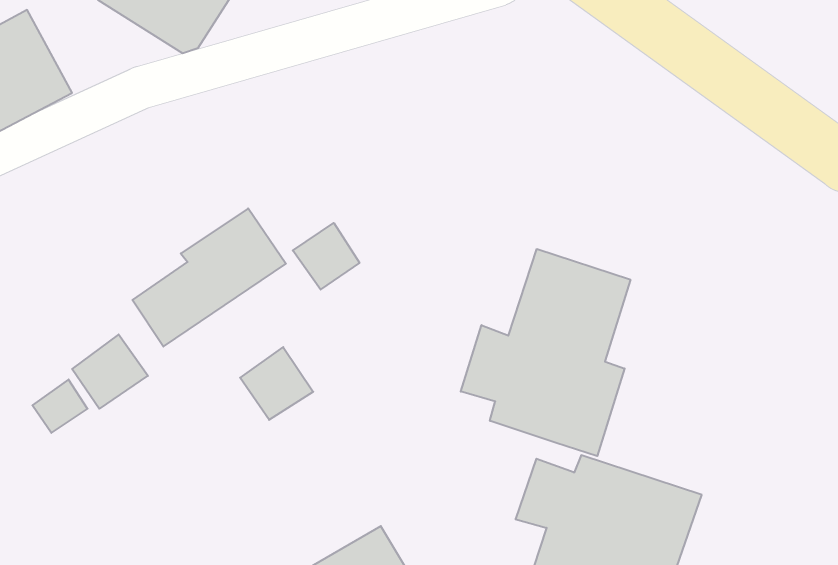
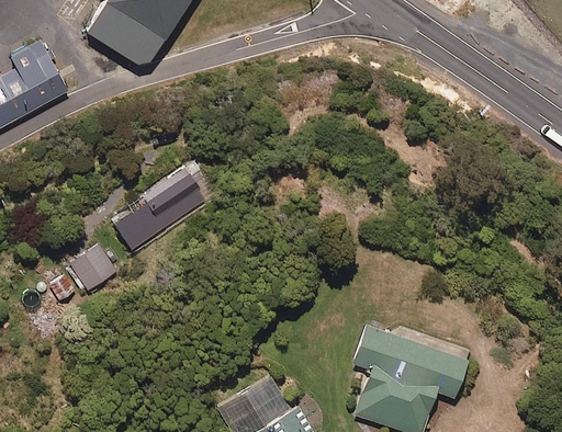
building: [293,223,359,290] -> none
building: [461,249,630,456] -> none
building: [240,347,313,420] -> none

